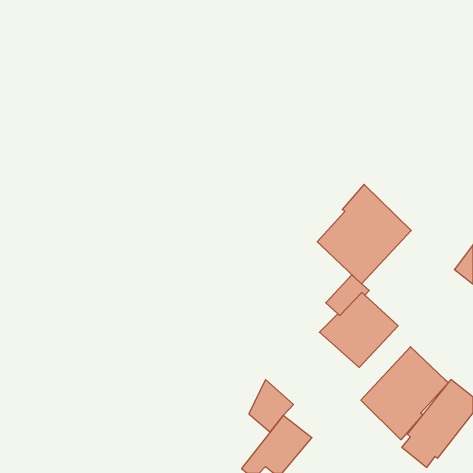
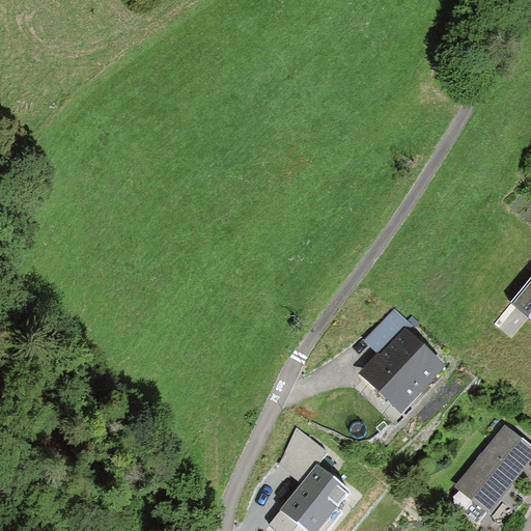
building: [317,184,411,284] -> none
building: [361,347,448,440] -> none

